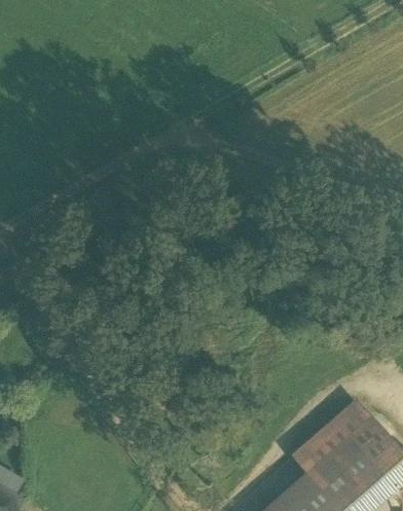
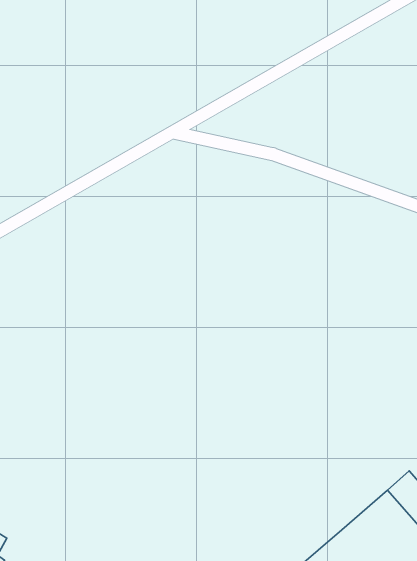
building: [292,403,366,473] -> none

